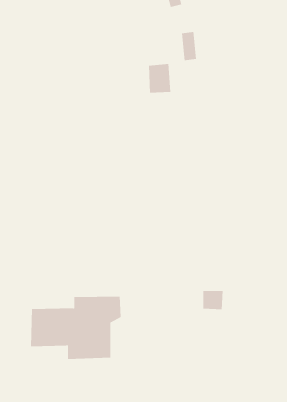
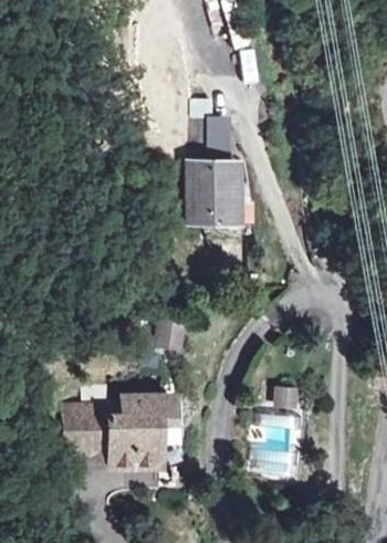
building: none -> [192,161,248,221]

